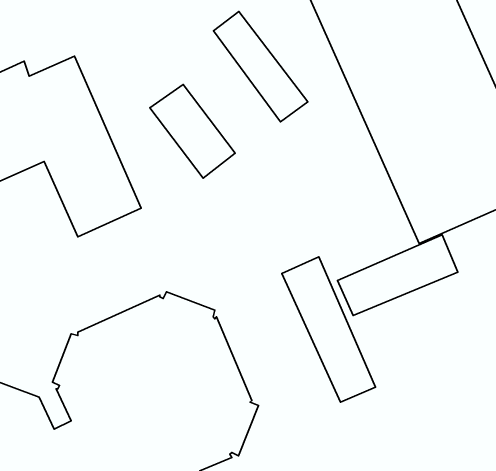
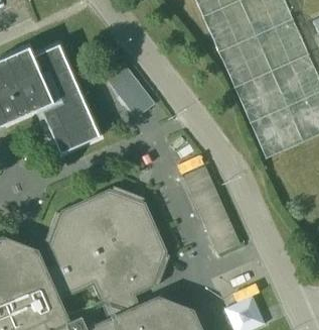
building: [214,11,308,122] -> none
building: [338,235,458,315] -> none

